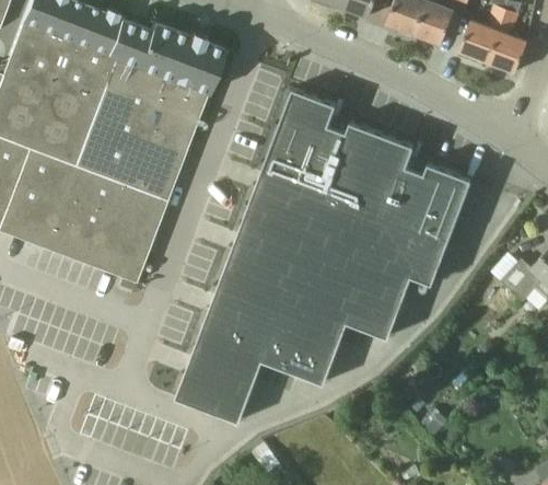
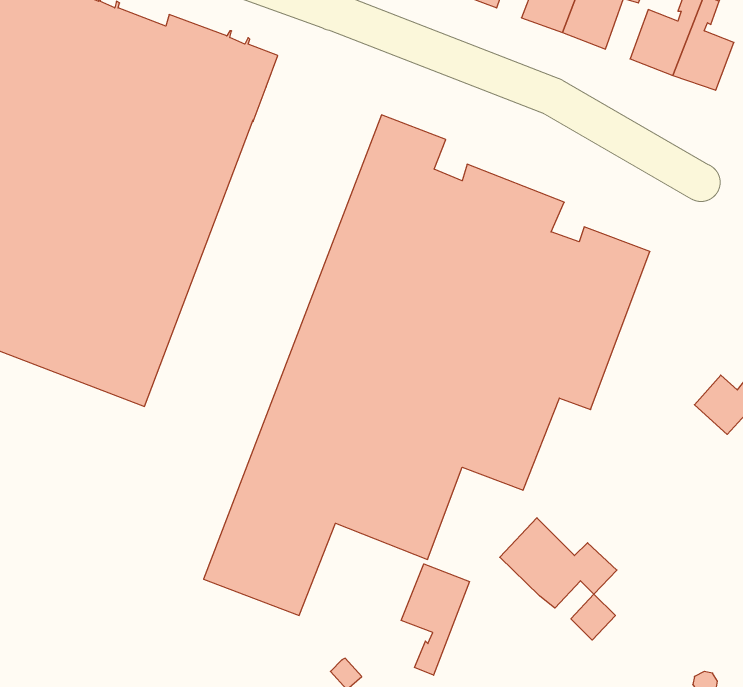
building: none -> [500,518,617,608]
building: none -> [401,564,470,675]

